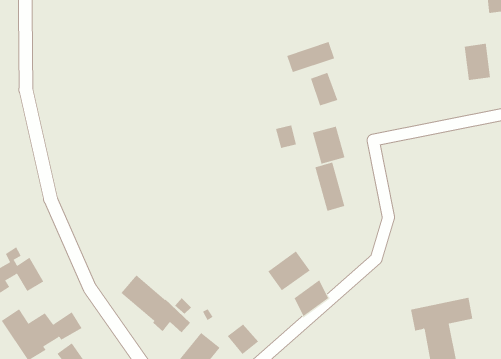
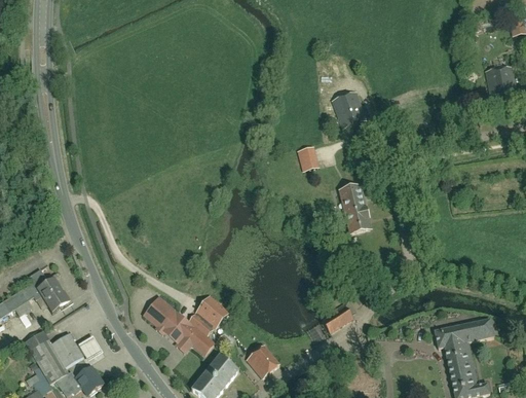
building: [286,41,335,73] -> none
building: [312,126,345,164] -> none
building: [267,251,310,291] -> none
building: none -> [195,297,227,328]

